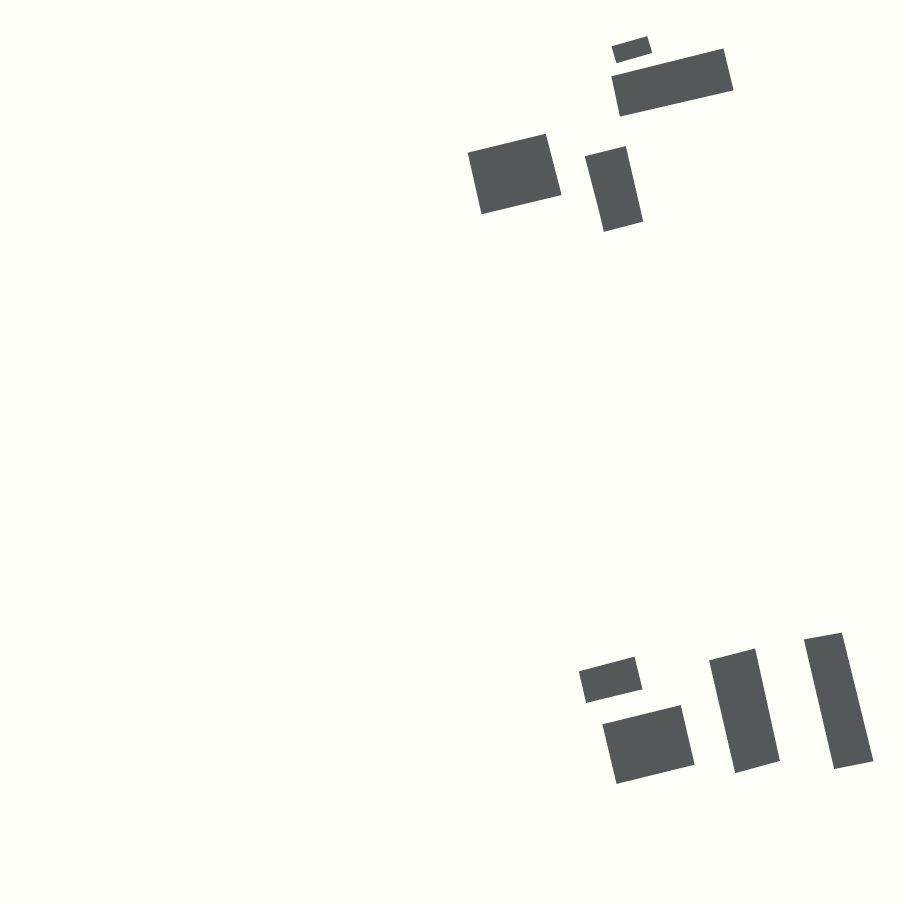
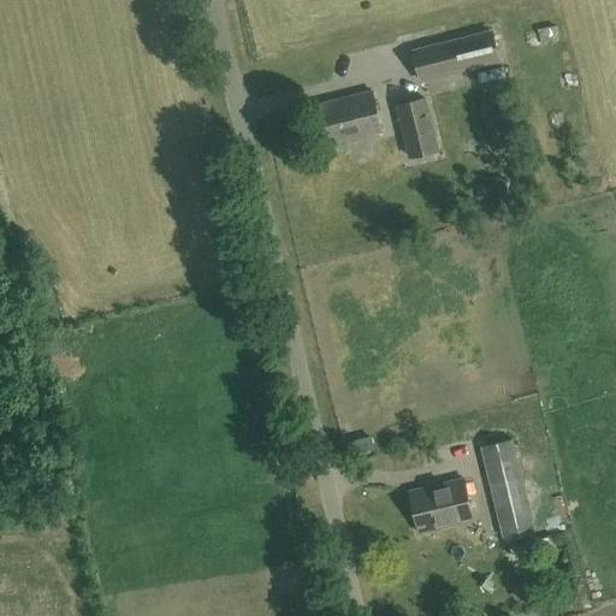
building: [803,632,874,770] -> none
building: [578,656,643,704] -> none

